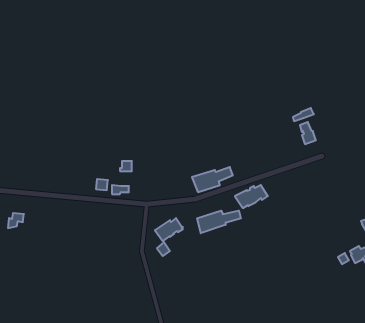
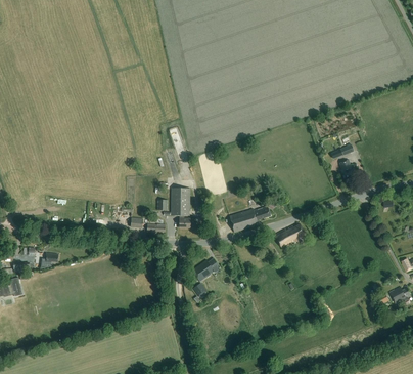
building: none -> [171,186,190,227]
building: [197,211,241,233] -> none

